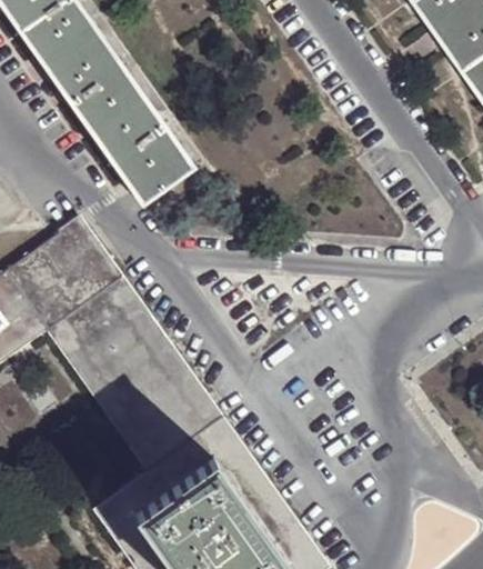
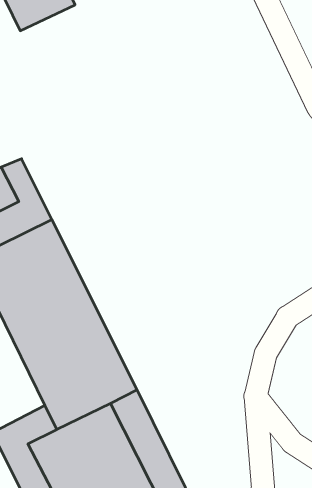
building: [54,47,192,203] -> none

